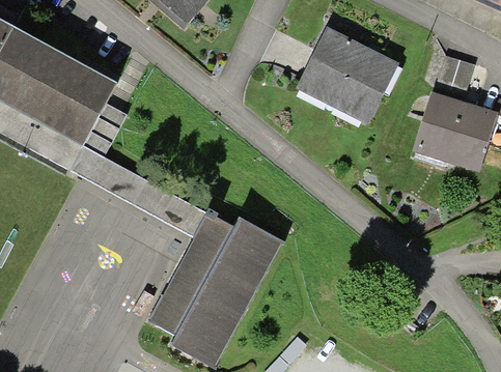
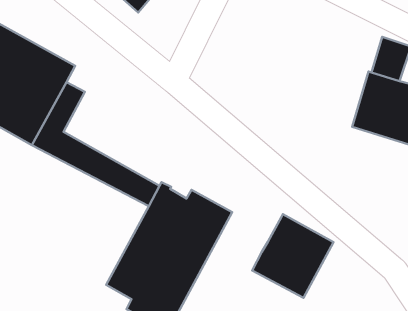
building: [295,26,398,124] -> none
building: none -> [252,214,333,298]

